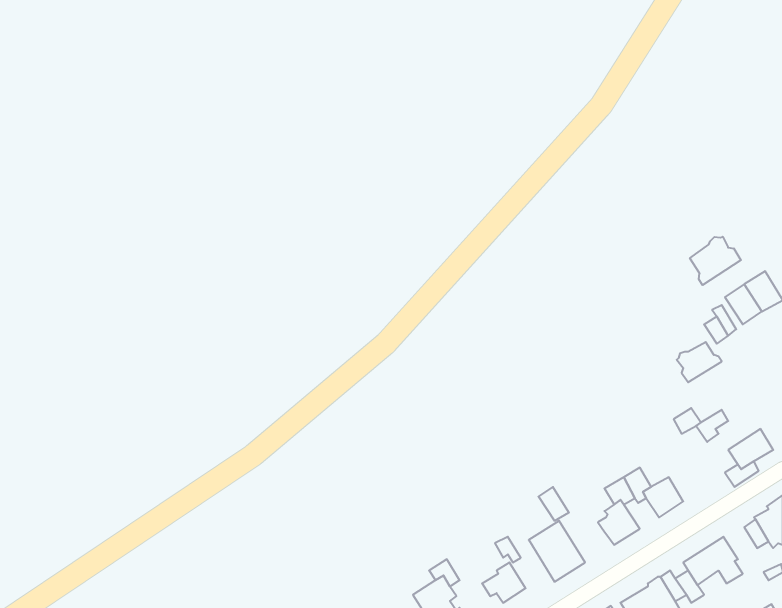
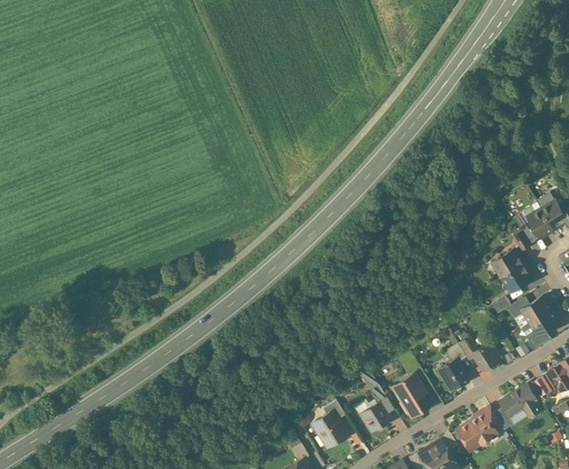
building: [690,237,741,285] -> none
building: none -> [502,263,533,292]
building: none -> [521,297,552,325]

